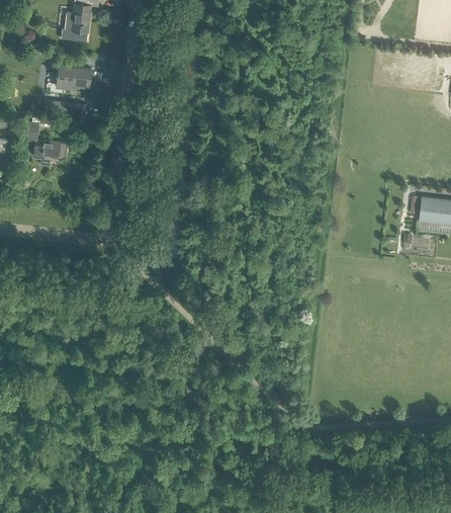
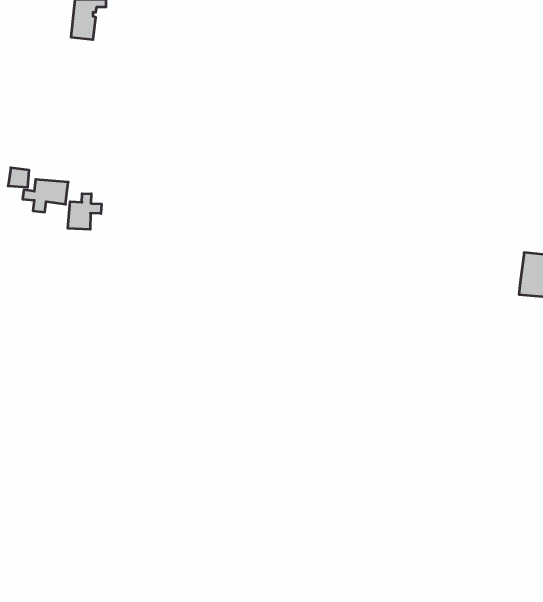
building: [55,66,90,90] -> none
building: none -> [68,194,101,229]

